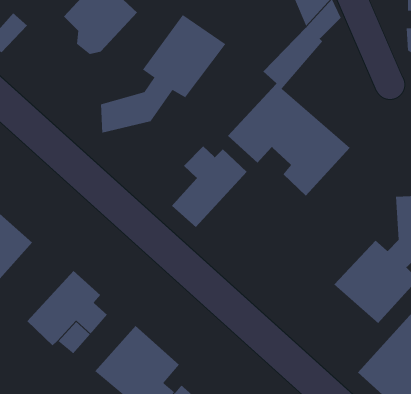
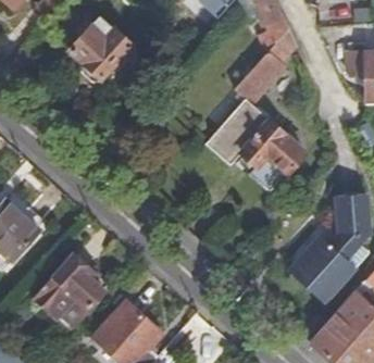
building: [101,14,226,133] -> none
building: [171,145,247,228] -> none

